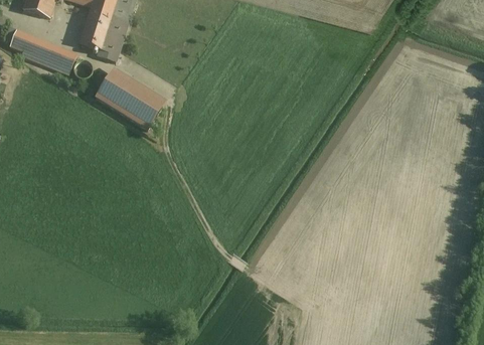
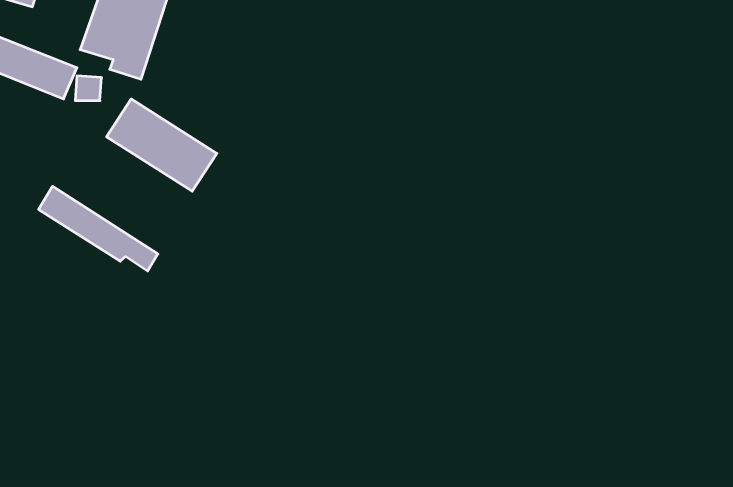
building: none -> [39,186,158,271]

